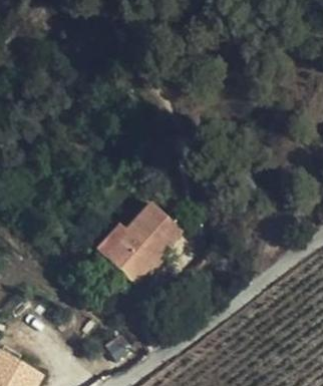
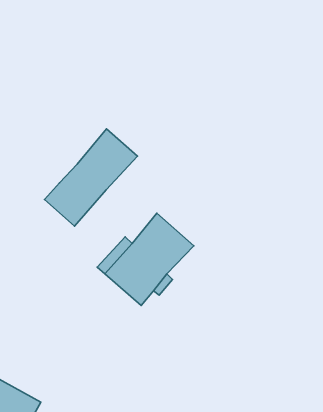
building: none -> [44,129,138,226]

